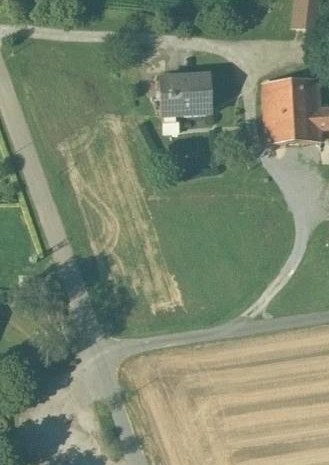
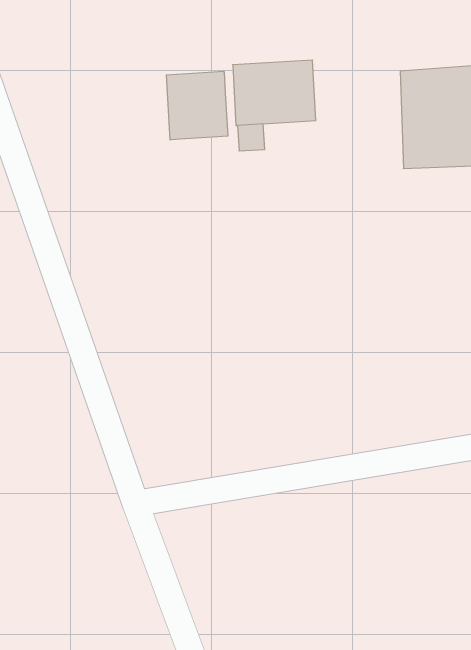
building: none -> [166,71,228,140]

